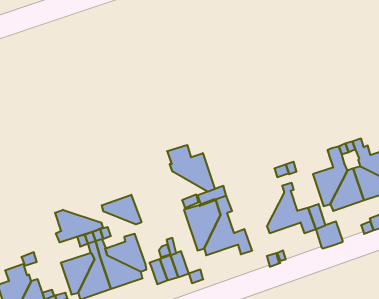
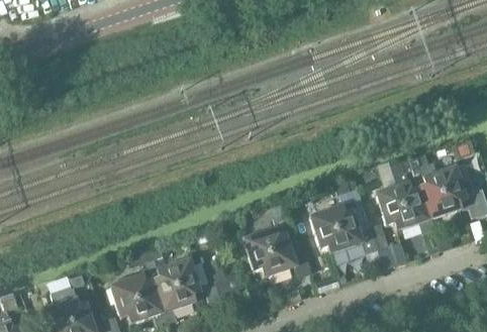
building: [167,145,215,192] -> none
building: none -> [310,204,346,248]
building: [102,195,141,224] -> none
building: [55,210,103,242] -> none

